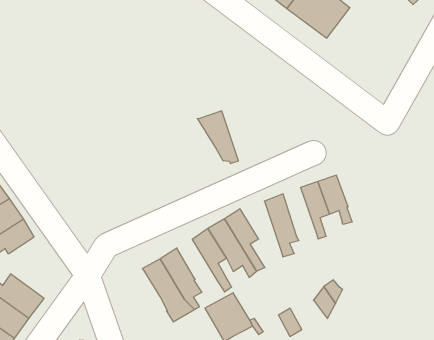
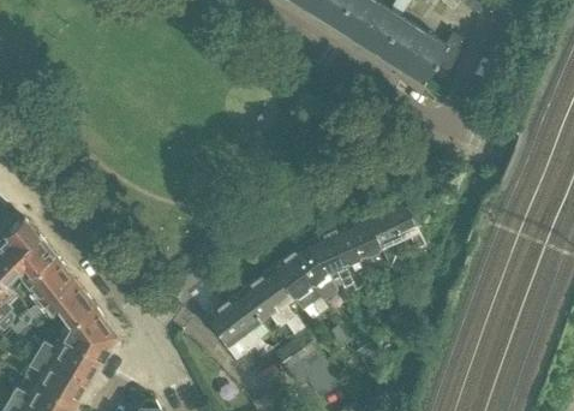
building: none -> [378,18,464,82]
building: [197,111,238,164] -> [303,233,351,288]
building: none -> [347,215,389,274]
building: none -> [60,294,115,359]
building: none -> [239,281,286,328]

